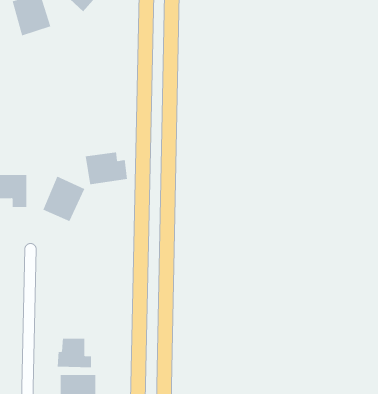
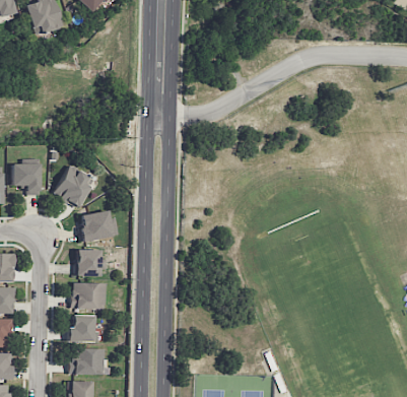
building: [85,152,128,185] -> [79,210,119,241]
building: none -> [76,249,108,276]
building: none -> [72,282,107,309]

